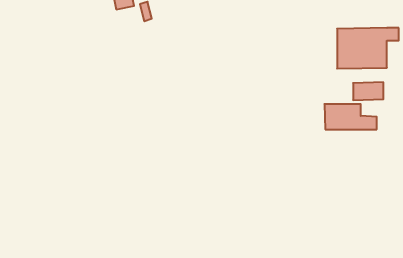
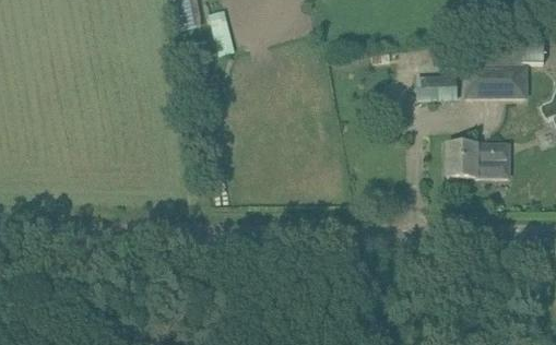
building: [353,82,383,100] -> [416,75,456,98]

